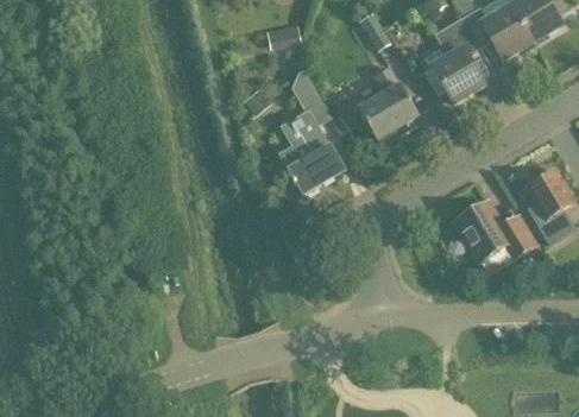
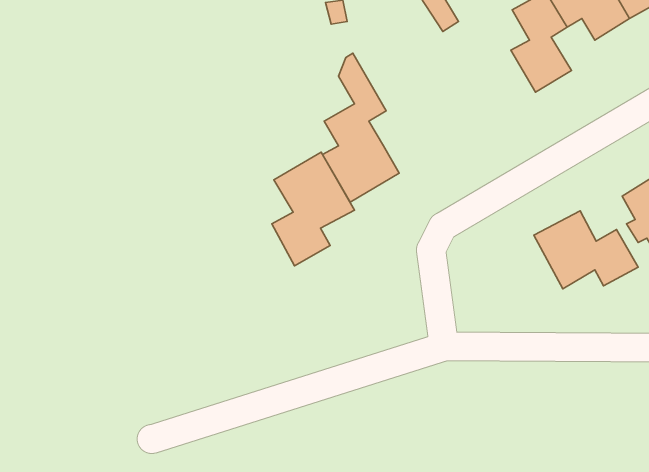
building: [358,68,422,141] -> none
building: none -> [272,152,355,266]

